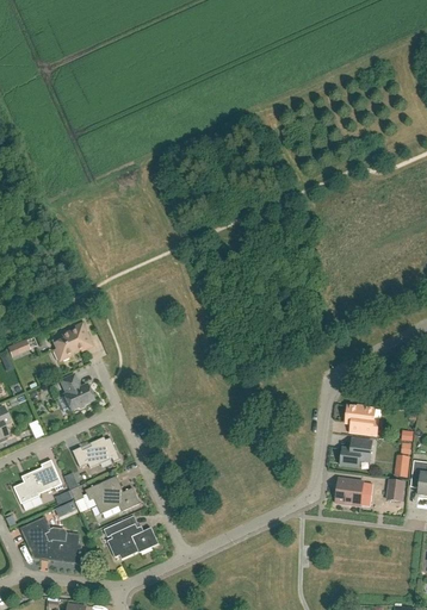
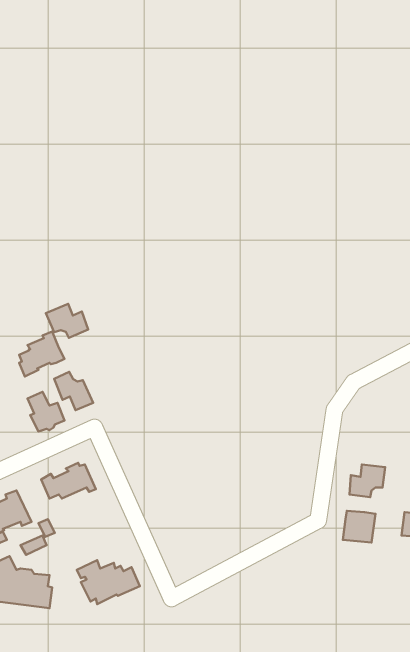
building: none -> [46,304,88,338]
building: none -> [54,372,93,410]
building: [345,405,378,435] -> none
building: [85,475,140,513] -> none

